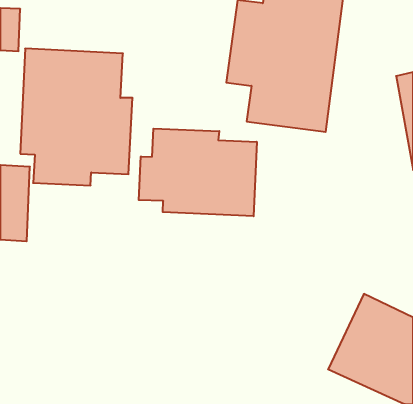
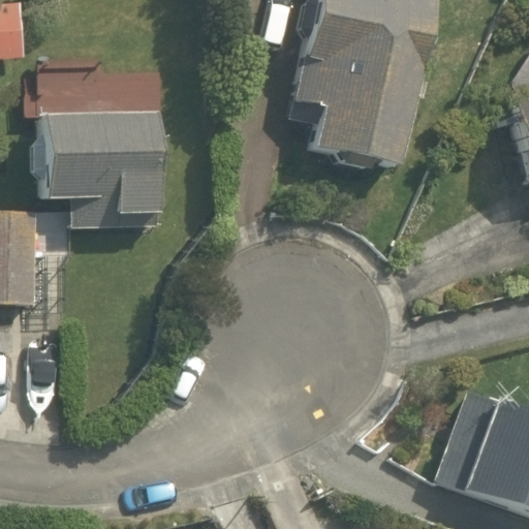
building: [139,129,257,216] -> none

